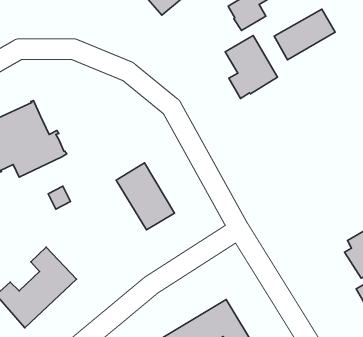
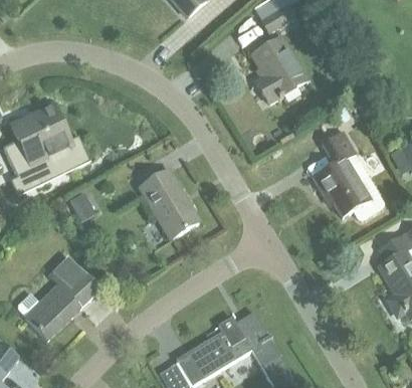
building: [274,9,335,60] -> none
building: none -> [313,132,384,221]

